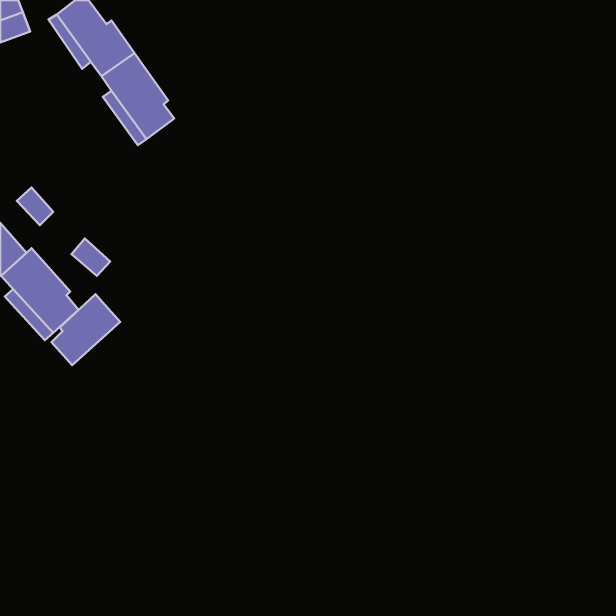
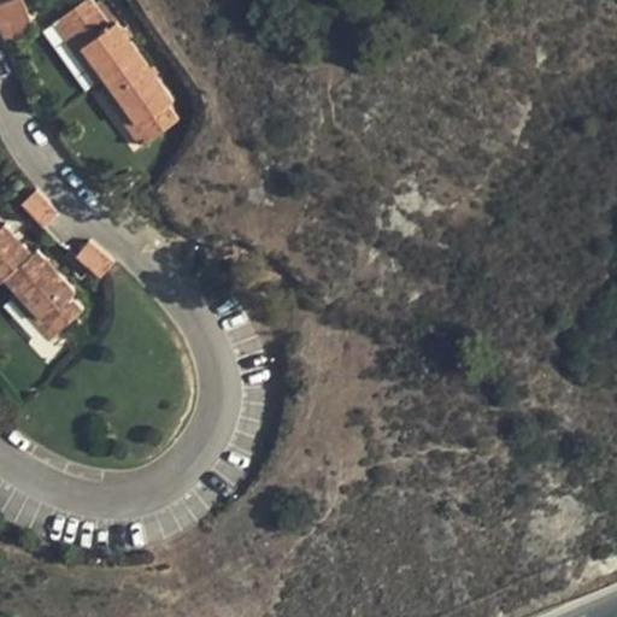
building: [51,294,120,365] -> none

